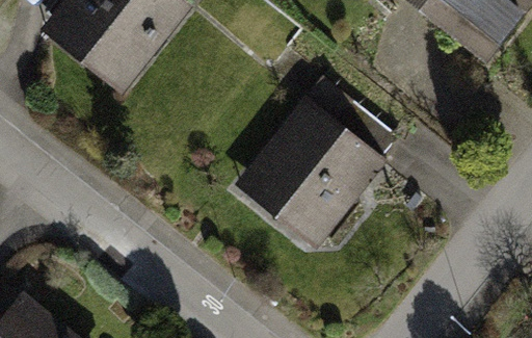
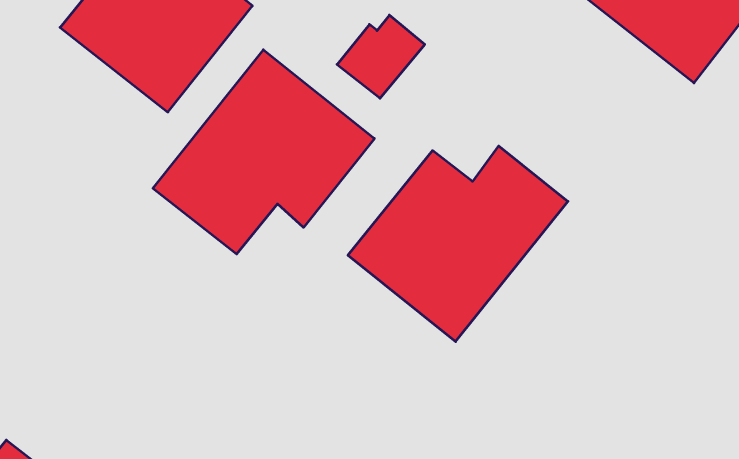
building: none -> [153,50,374,254]

